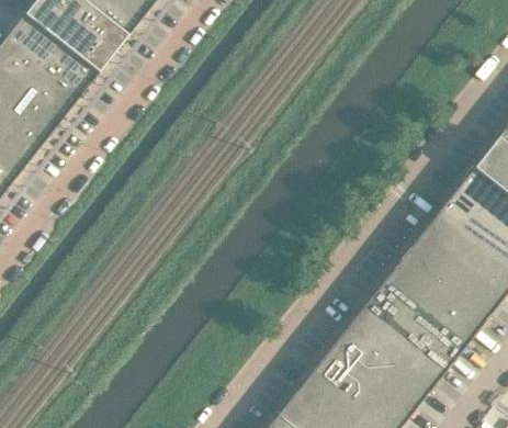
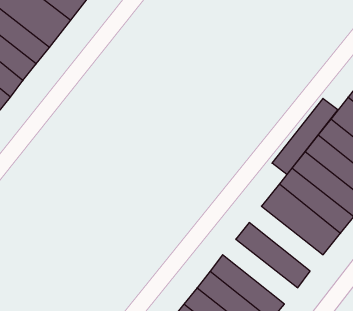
building: none -> [272,98,338,175]
building: [363,284,462,371] -> none
building: [328,328,428,415] -> none

